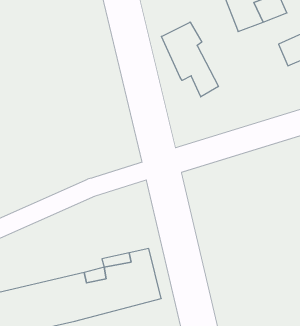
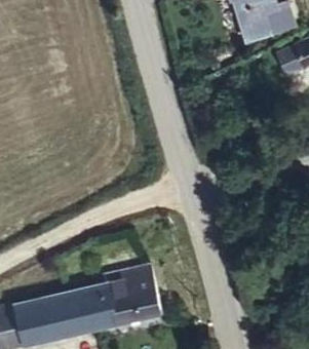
building: [161,22,218,97] -> none

